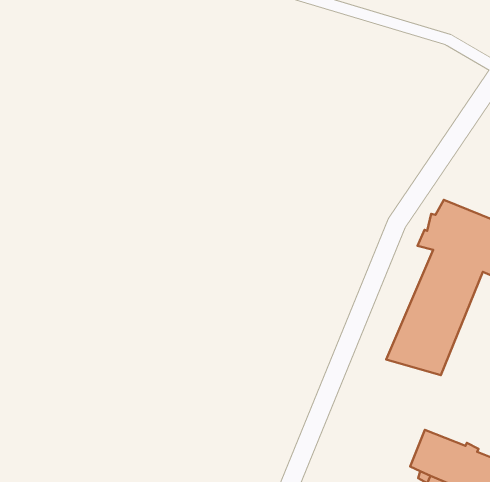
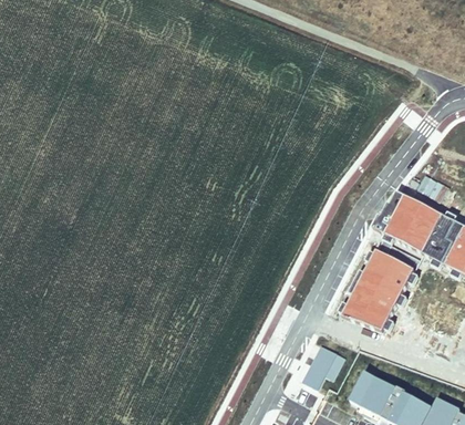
building: none -> [303,344,345,388]

